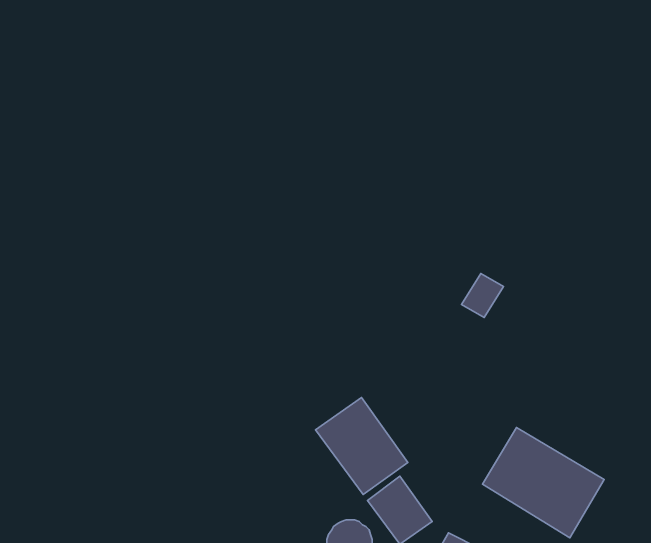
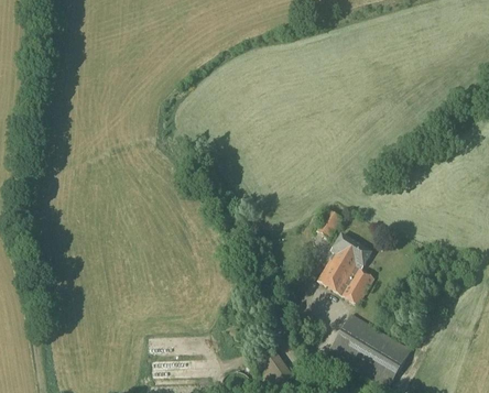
building: none -> [317,233,373,305]
building: [316,398,408,495] -> none

